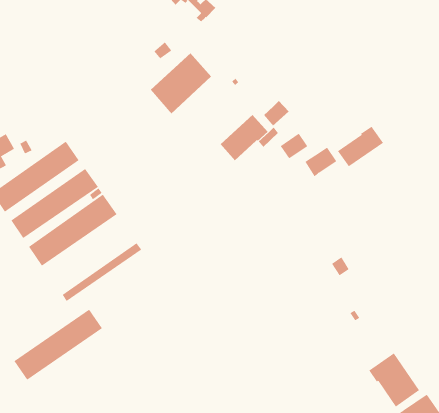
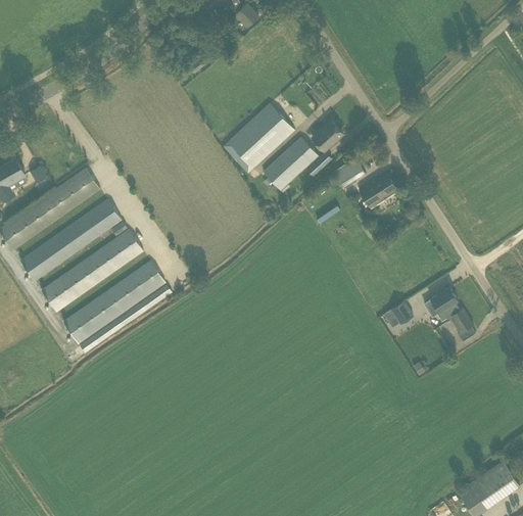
building: [150,53,212,114] -> [222,102,293,174]
building: [337,126,384,167] -> none
building: none -> [430,286,475,341]
building: [14,309,103,381] -> [61,260,164,342]
building: [368,352,420,407] -> none

